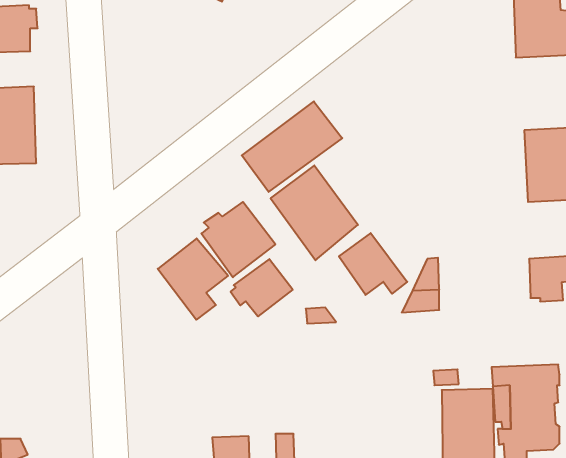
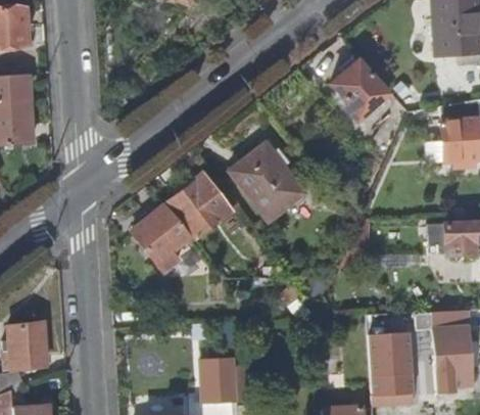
building: none -> [332,59,379,122]
building: [242,101,342,192] -> none
building: [339,233,407,295] -> none
building: [231,259,293,316] -> none
building: none -> [6,317,47,361]

